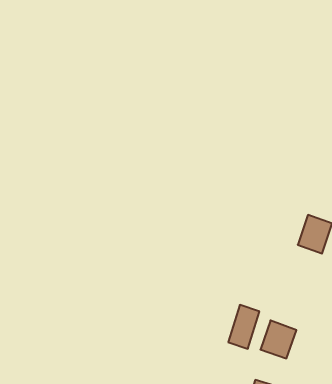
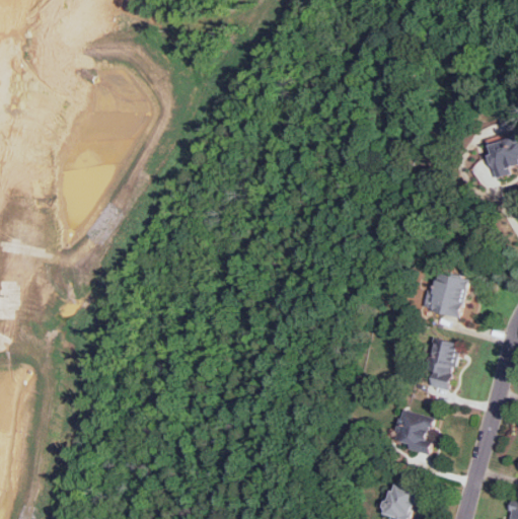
building: [228,305,259,349] -> [422,338,457,391]

